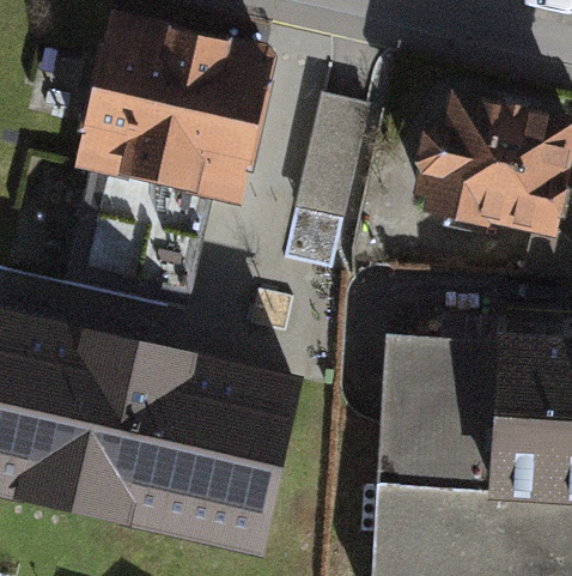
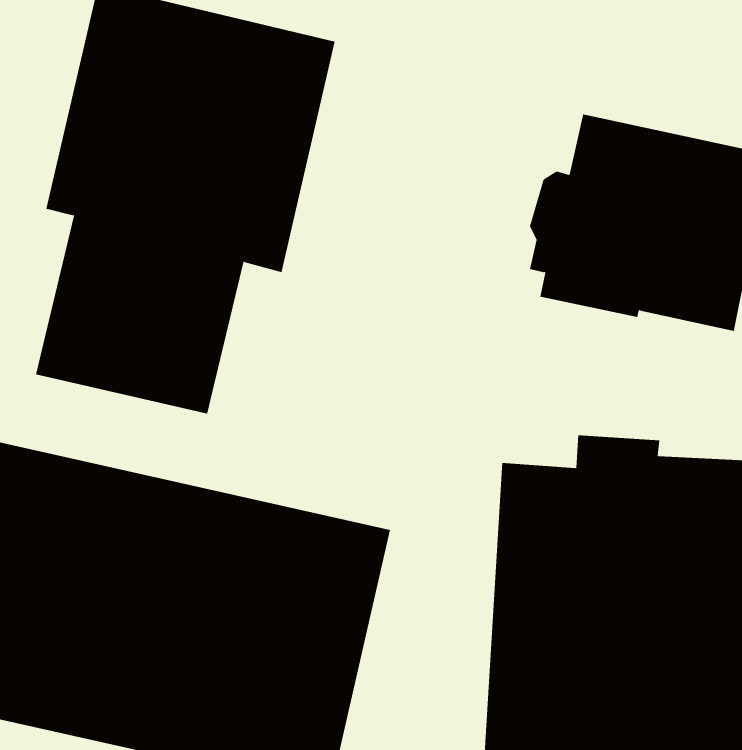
building: [297,89,369,212] -> none

